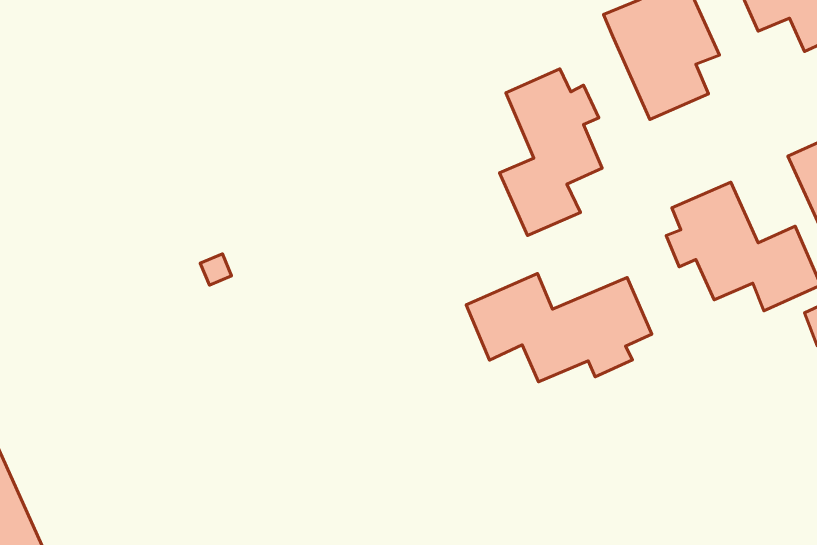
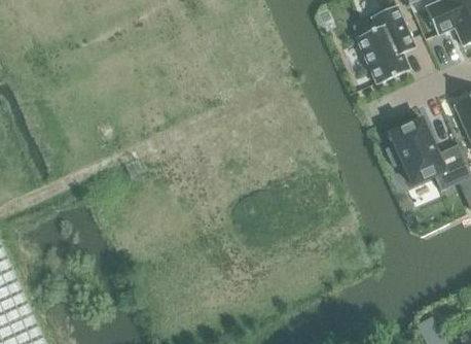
building: [500,69,602,235] -> none
building: [466,273,652,382] -> none

